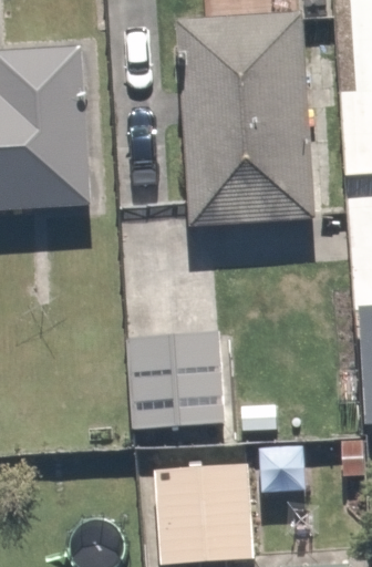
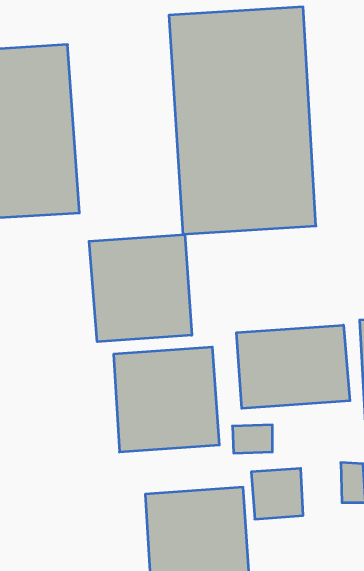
building: none -> [89,234,192,342]
building: none -> [237,325,350,408]

